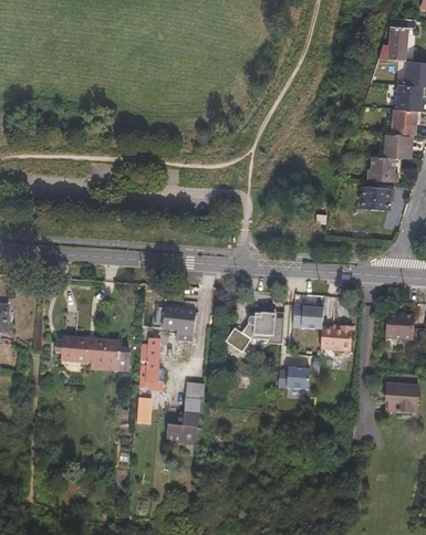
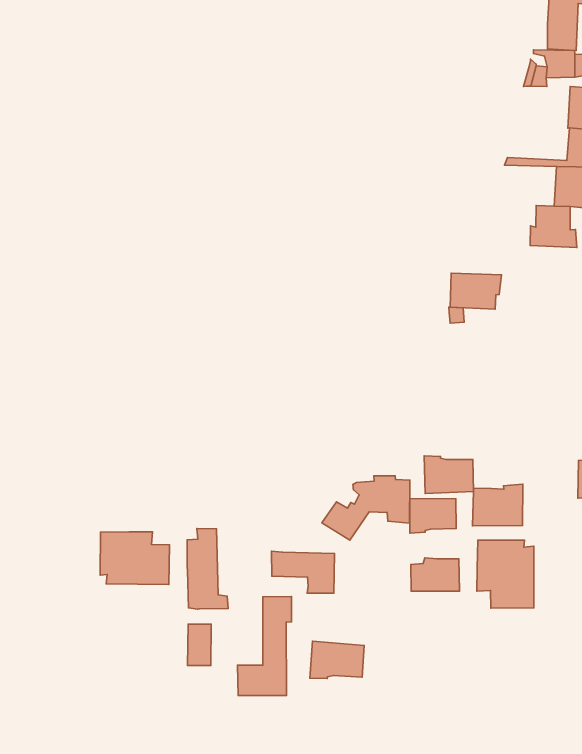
building: [360,185,393,209] -> [450,273,501,309]
building: [156,305,196,334] -> [272,551,335,593]
building: none -> [410,498,456,533]
building: [61,333,89,361] -> none
building: none -> [477,540,534,608]
building: none -> [310,641,364,678]

